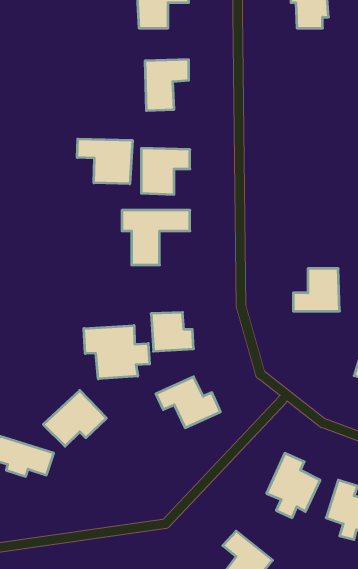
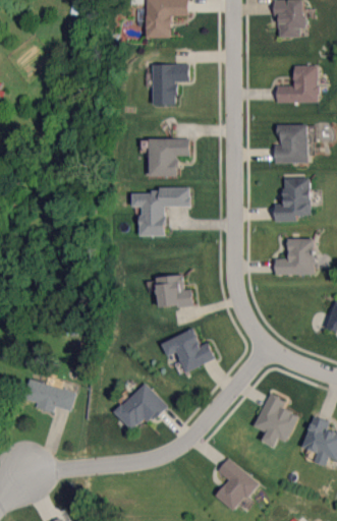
building: none -> [276,65,317,102]
building: none -> [274,124,306,163]
building: [77,139,132,184] -> none
building: none -> [274,175,308,222]
building: [84,325,150,379] -> none
building: [43,390,106,446] -> [113,383,166,429]

